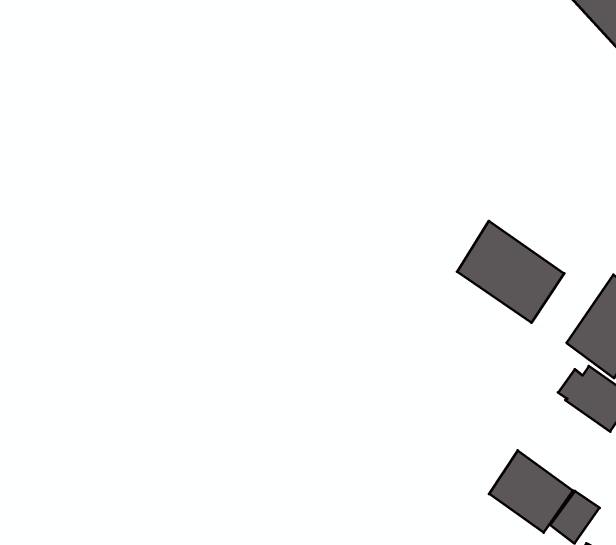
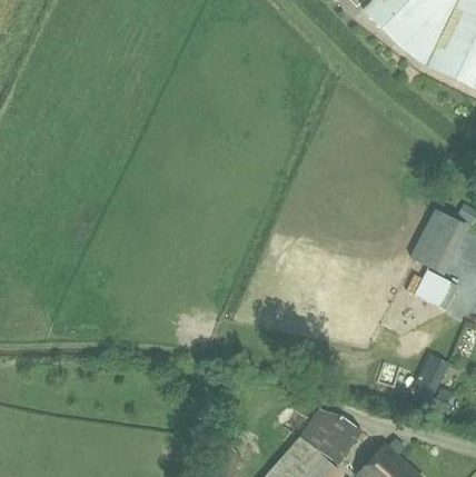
building: [457,221,564,323] -> none
building: [489,450,573,533] -> none

